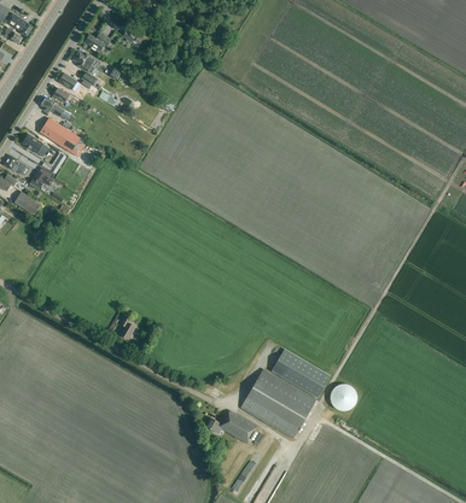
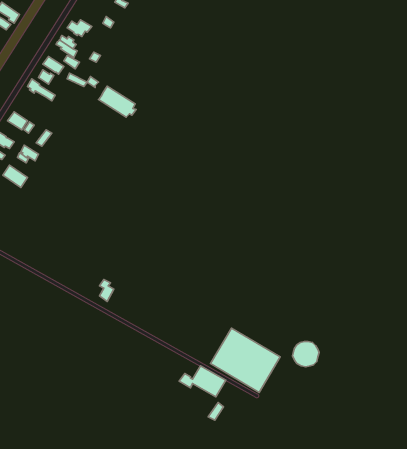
building: [40,117,81,151] -> [98,86,136,117]
building: [272,347,331,397] -> none

